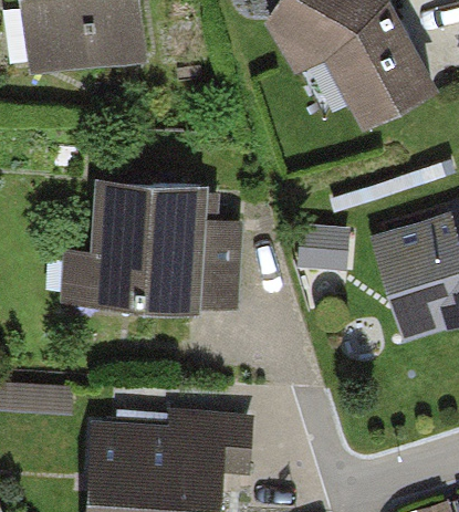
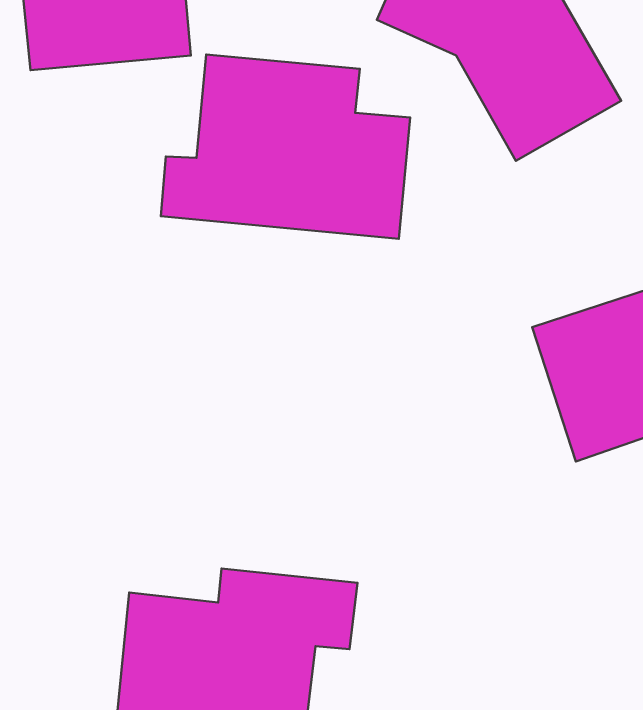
building: [70,179,240,305] -> [161,54,410,239]

